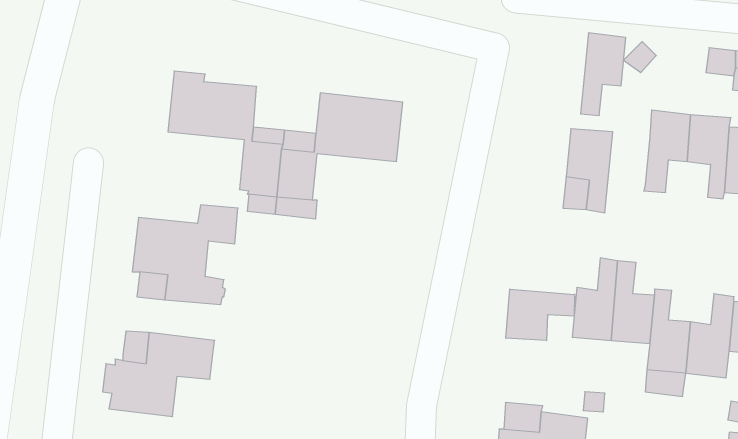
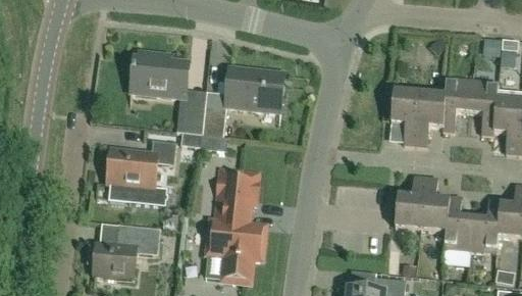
building: [581,33,626,115] -> [416,93,446,147]
building: none -> [207,168,264,283]
building: [506,289,575,341] -> none

